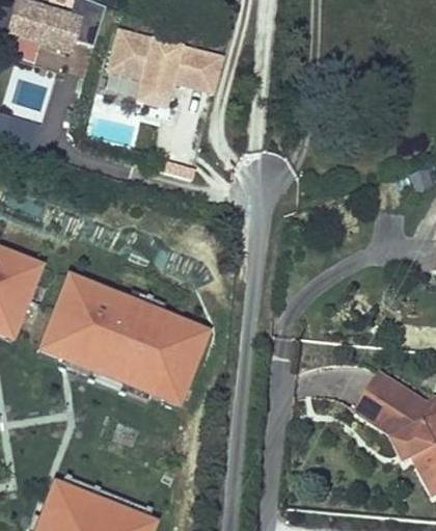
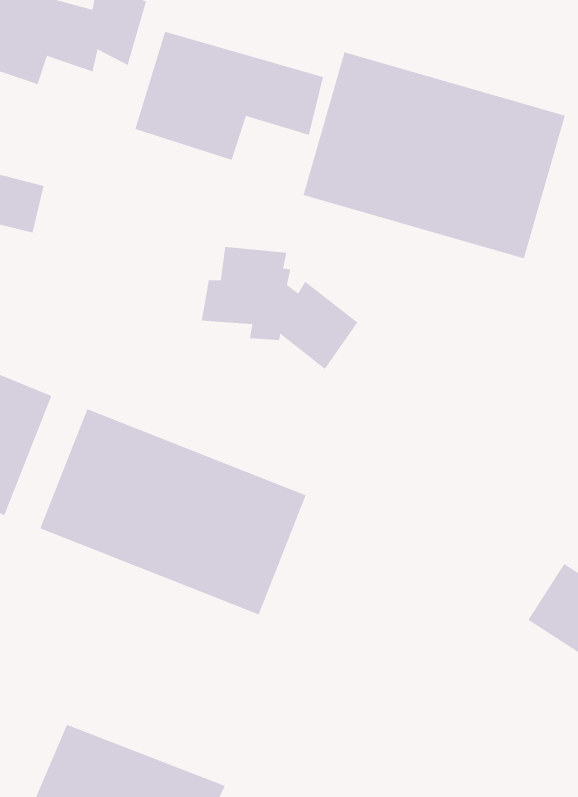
building: none -> [303,51,566,259]
building: none -> [201,246,358,370]

